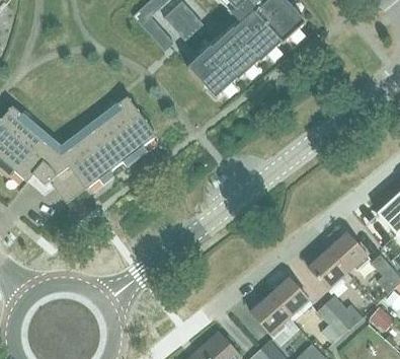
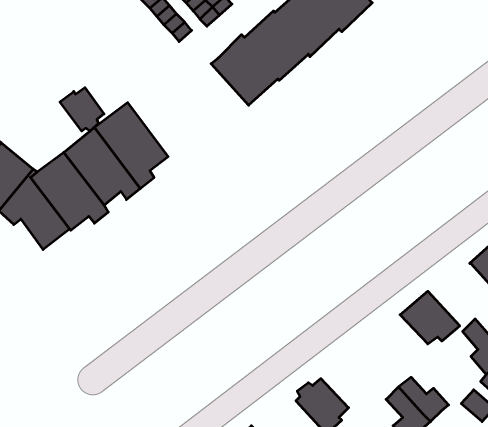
building: none -> [60,88,104,131]
building: [307,250,346,294] -> none
building: [268,279,310,318] -> none

